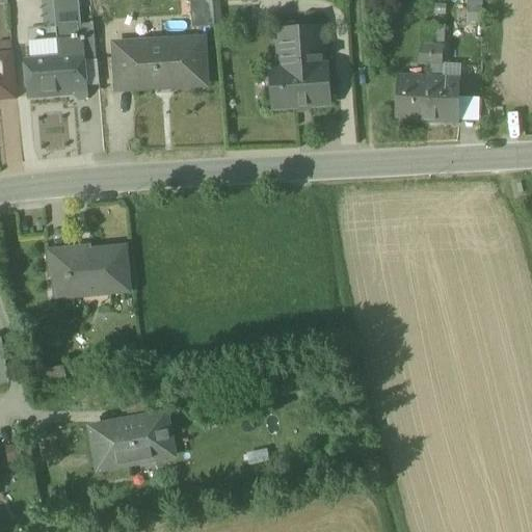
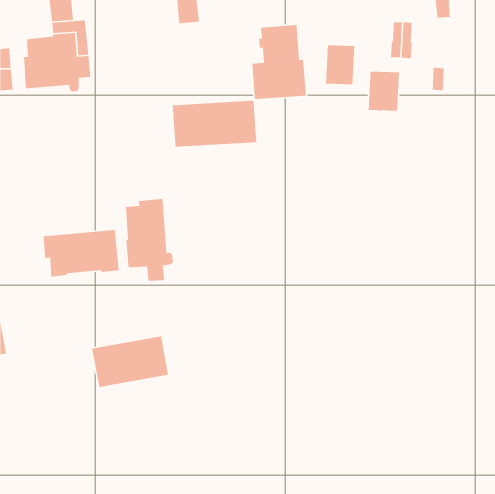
building: [113,37,205,88] -> [172,100,257,148]
building: [426,77,458,121] -> [325,45,355,85]
building: none -> [125,198,174,282]
building: [89,413,172,469] -> [91,336,169,388]

